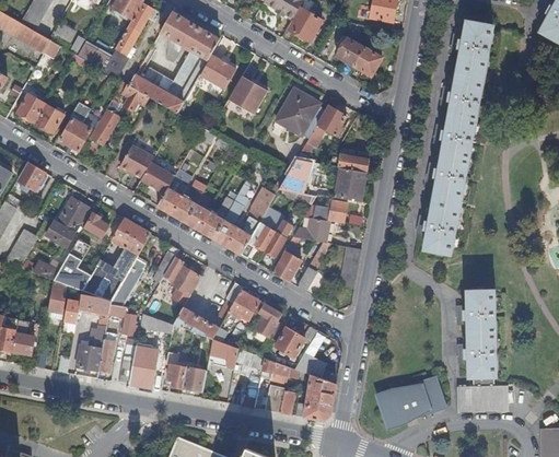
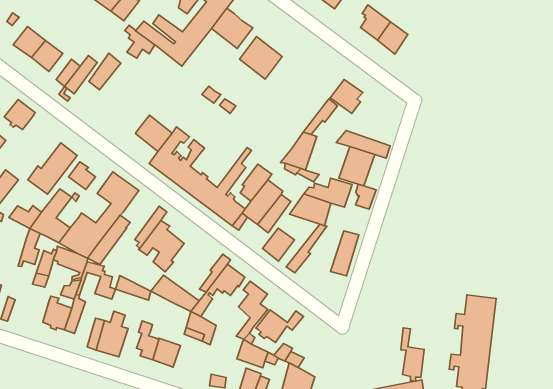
building: [417,20,492,253] -> none
building: [277,89,319,133] -> none
building: [120,144,154,177] -> none
building: none -> [401,328,424,381]

